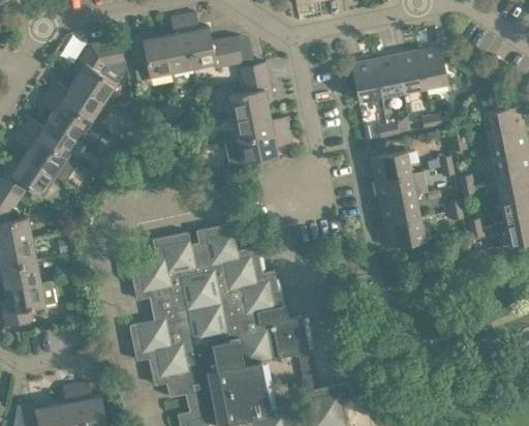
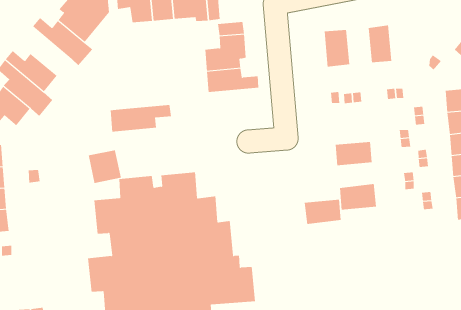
building: [417,47,448,88] -> none
building: [374,56,403,96] -> none
building: [39,91,91,140] -> none
building: [227,130,292,165] -> [110,104,172,132]
building: [369,151,411,181] -> none
building: [378,195,419,225] -> [304,199,342,225]
building: none -> [88,149,122,184]

